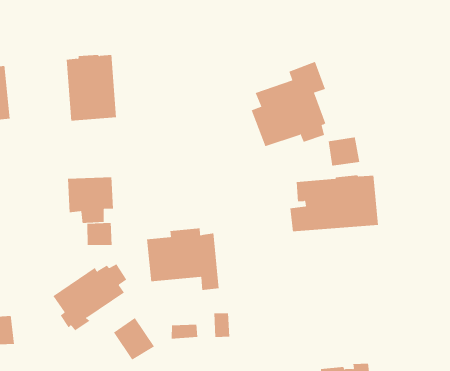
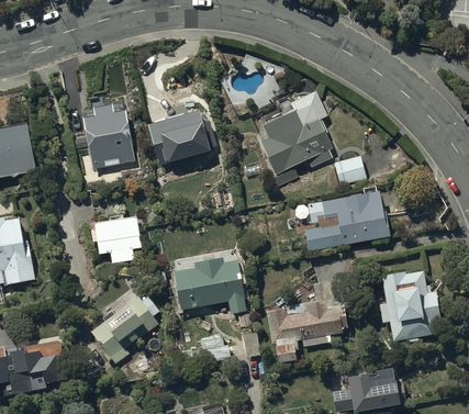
building: none -> [148,110,214,166]
building: [87,222,112,246] -> none
building: none -> [379,271,442,342]
building: none -> [267,281,348,363]
building: [113,317,155,361] -> none

